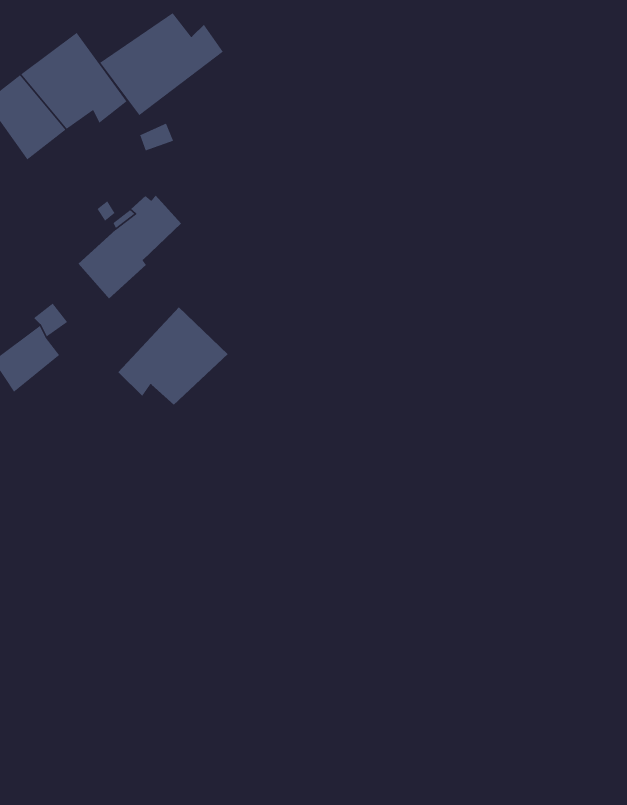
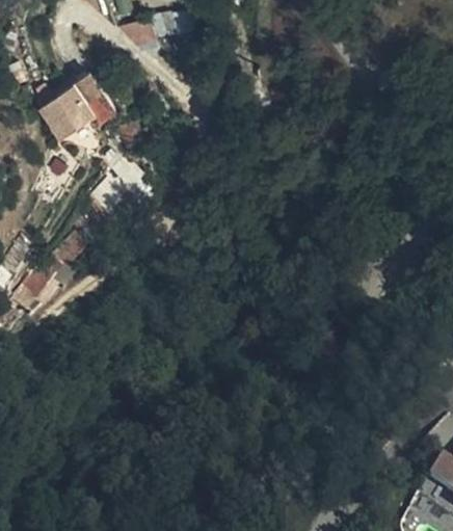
building: [99,12,224,116] -> none
building: [118,306,229,406] -> none

